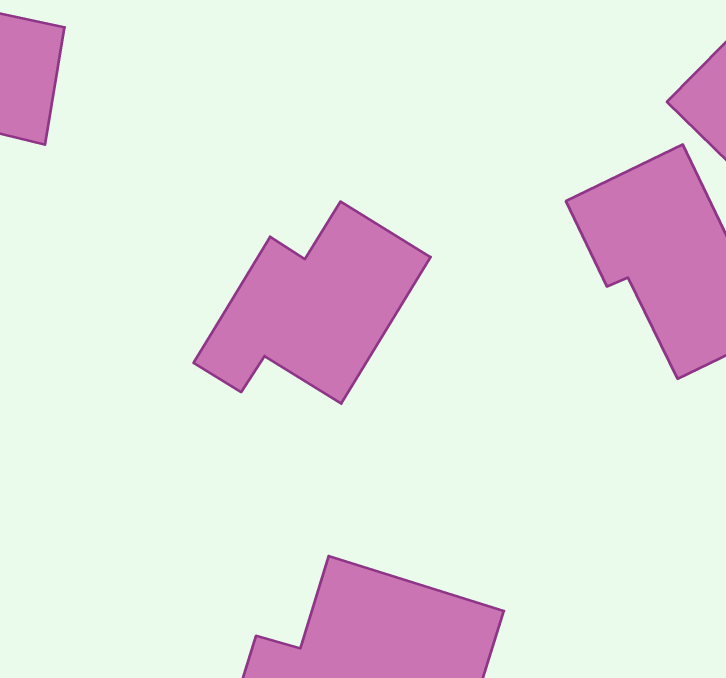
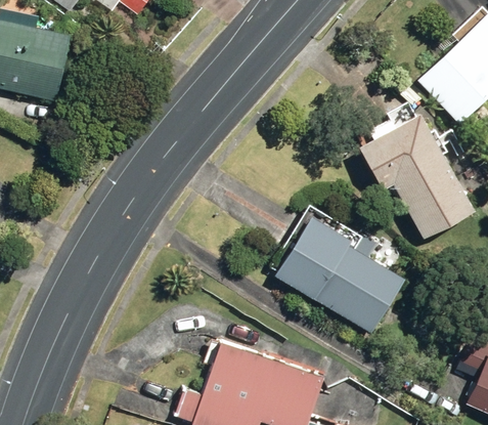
building: [194,202,431,404] -> none
building: none -> [269,209,413,336]

